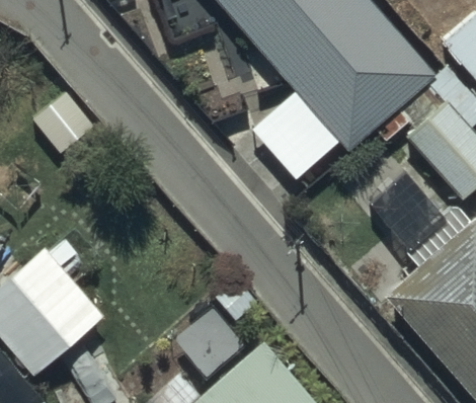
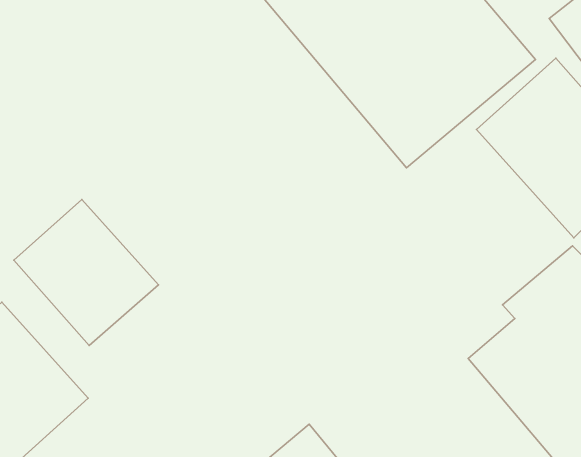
building: none -> [14,199,158,345]

